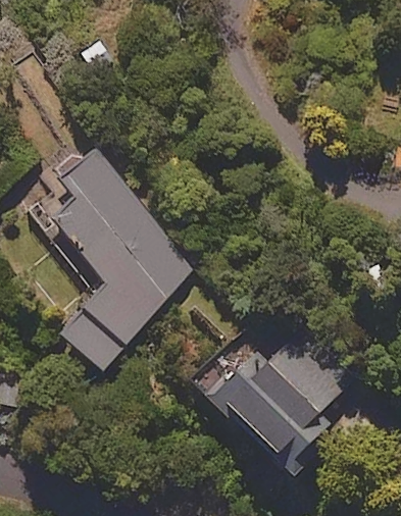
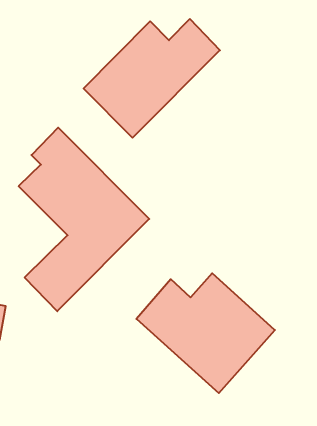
building: none -> [84,19,220,138]

